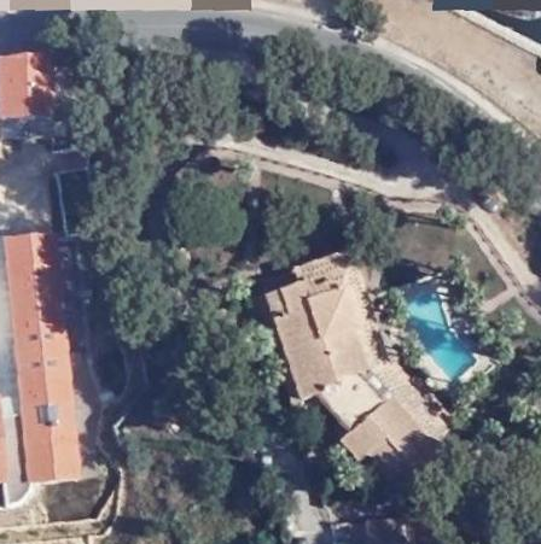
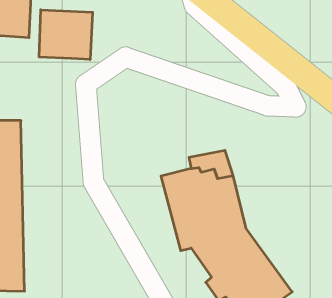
building: none -> [39,10,93,60]

